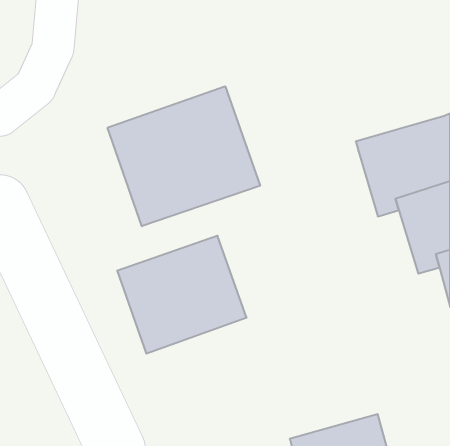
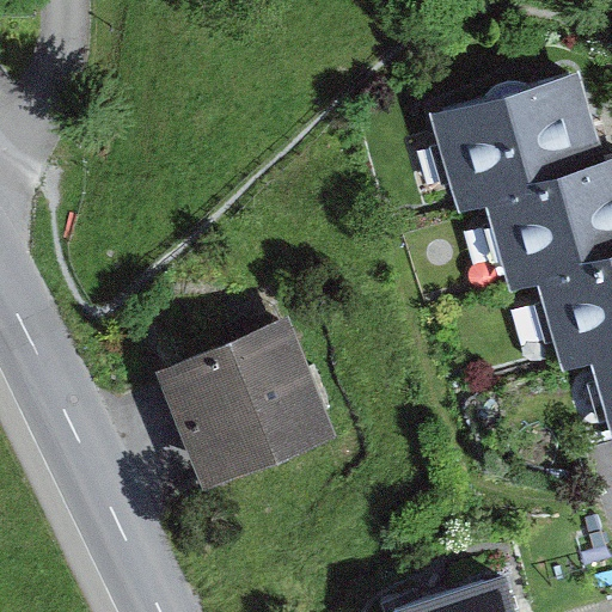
building: none -> [433,76,602,218]
building: [108,86,260,226] -> none

